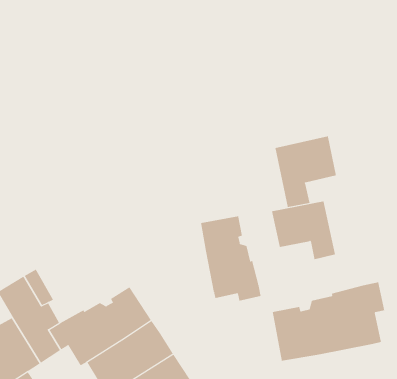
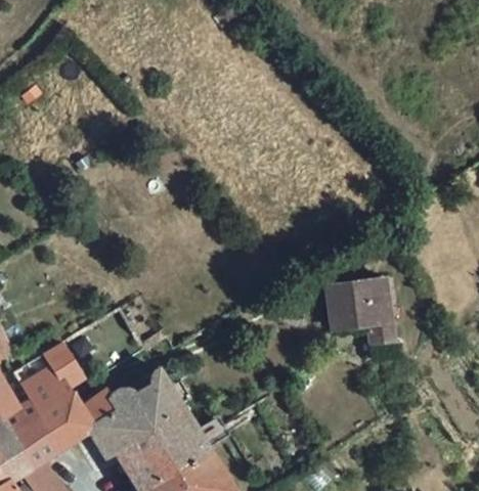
building: [275,135,337,208] -> none
building: [201,215,261,301] -> none
building: [272,281,385,362] -> none

